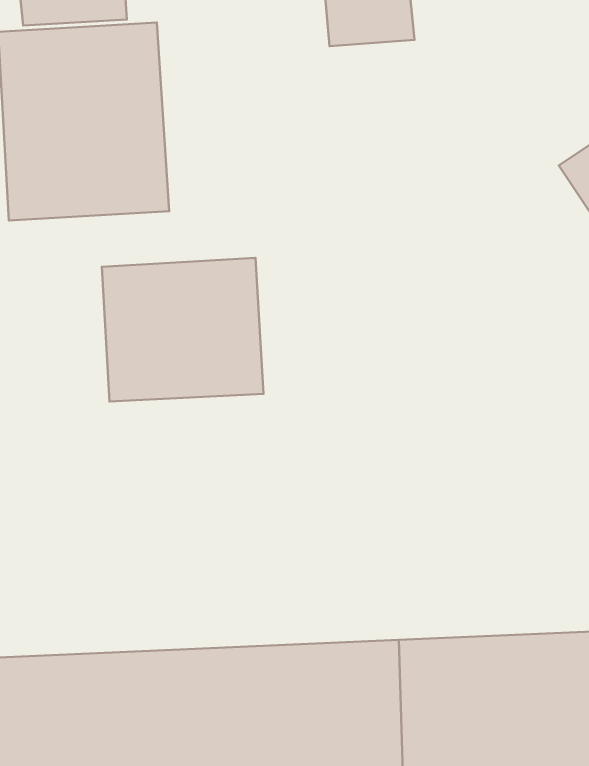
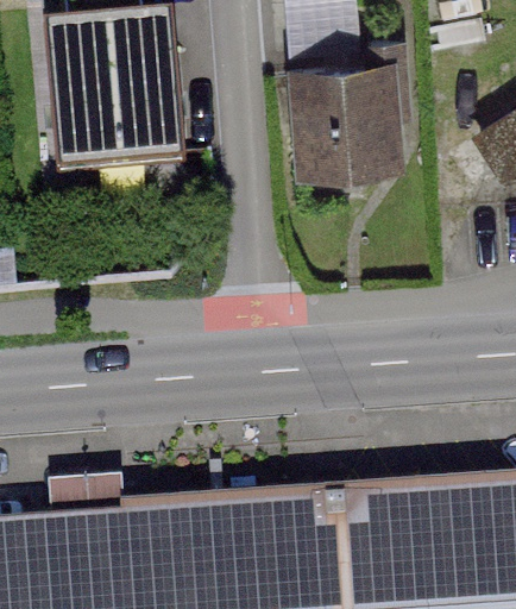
building: none -> [291,55,408,170]
building: [102,258,263,402] -> none

